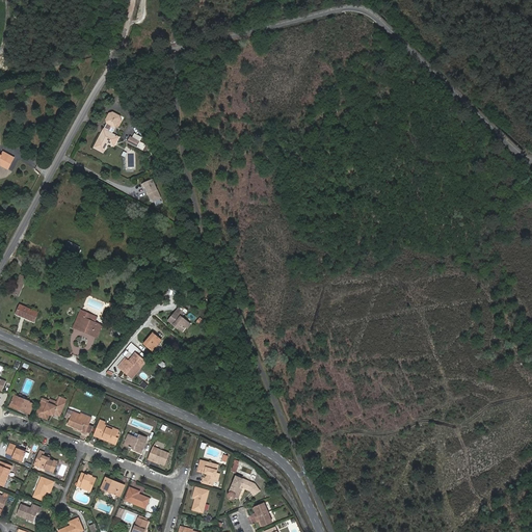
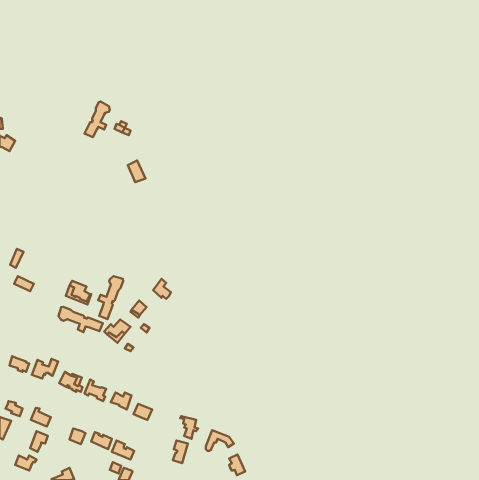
building: none -> [98,276,123,319]
building: none -> [58,307,103,332]

